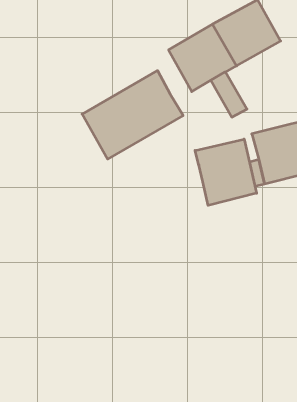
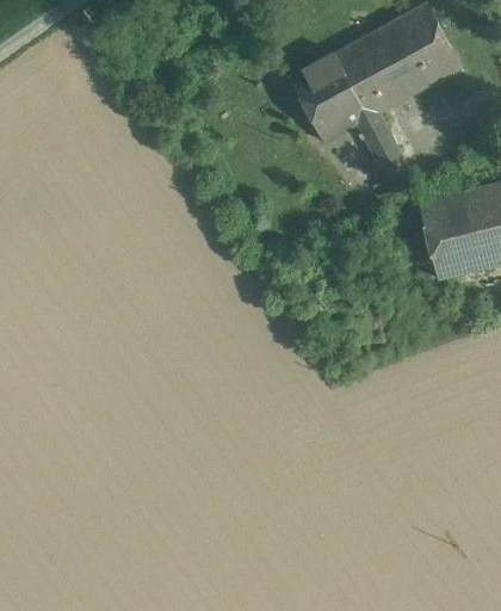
building: [82,71,183,159] -> none
building: [195,139,257,205] -> none

